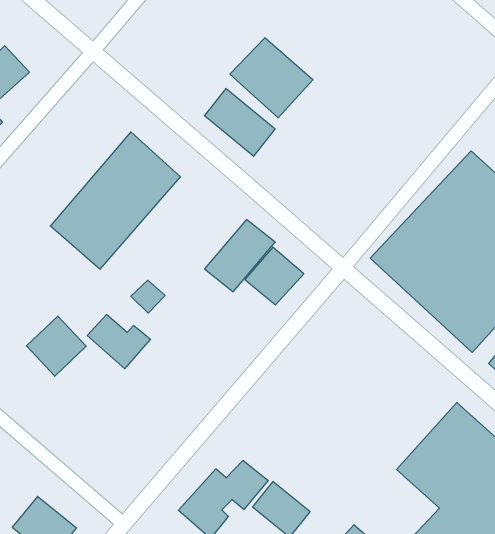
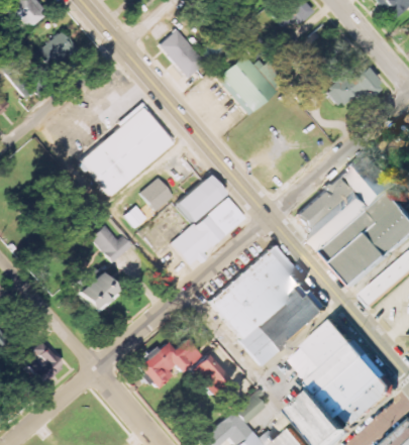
building: none -> [324,68,375,107]
building: [204,89,275,156] -> [158,29,204,78]
building: none -> [141,178,175,212]
building: none -> [171,215,222,264]
building: none -> [206,246,327,365]
building: [26,316,86,376] -> [79,272,119,313]

